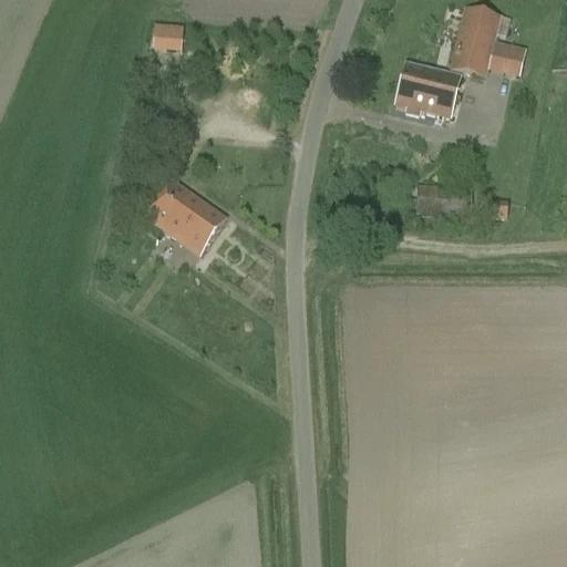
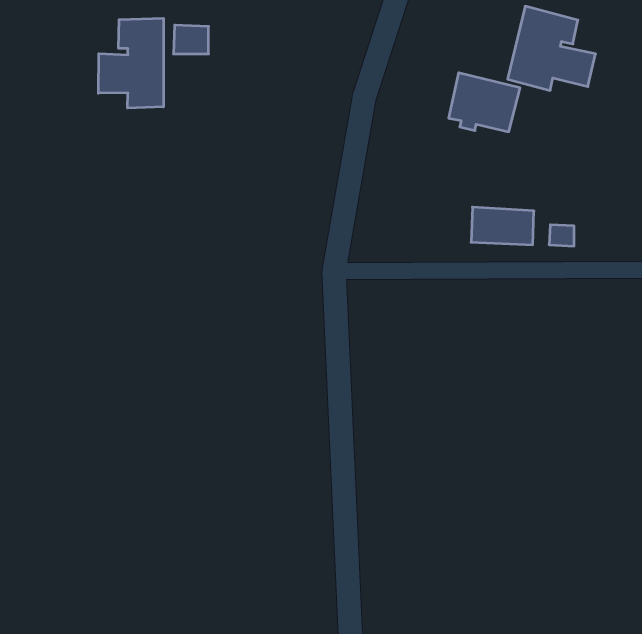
building: none -> [98,18,163,108]
building: [144,178,226,256] -> none

